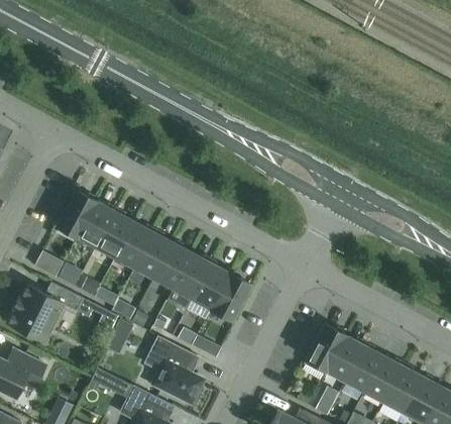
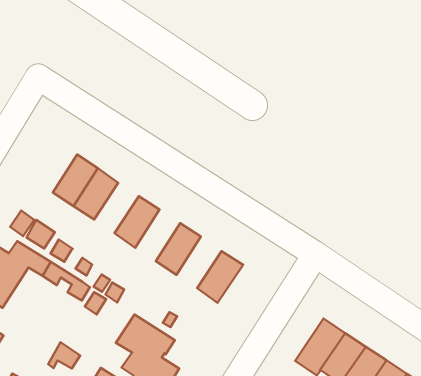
building: [58,191,96,237] -> none
building: [116,223,153,268] -> none
building: [154,243,192,289] -> none
building: [193,263,230,309] -> none

